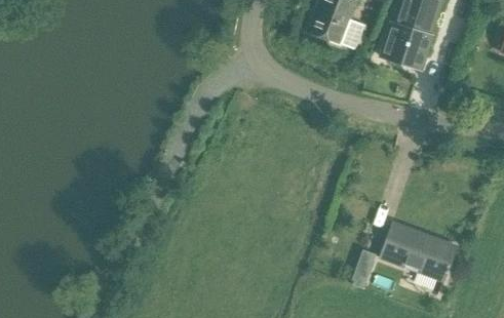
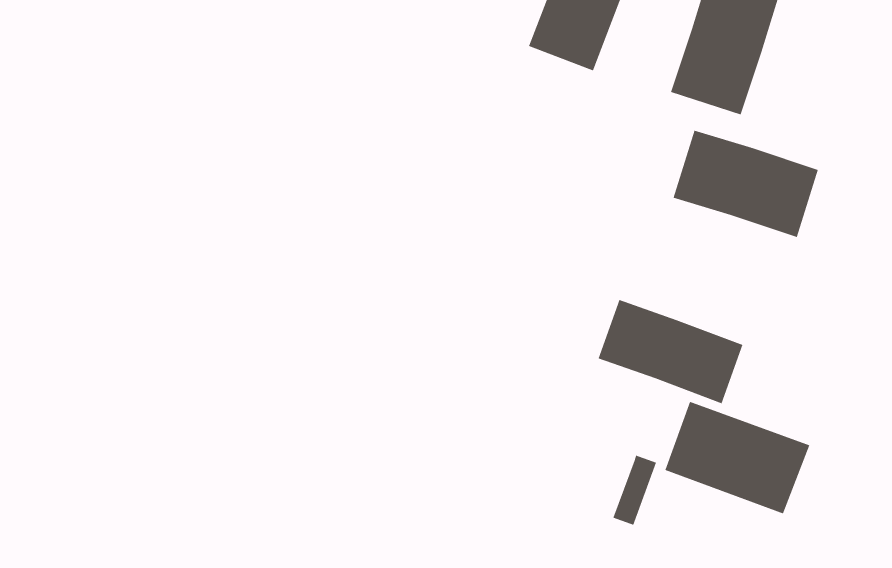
building: none -> [673,130,819,238]
building: none -> [598,299,743,404]

